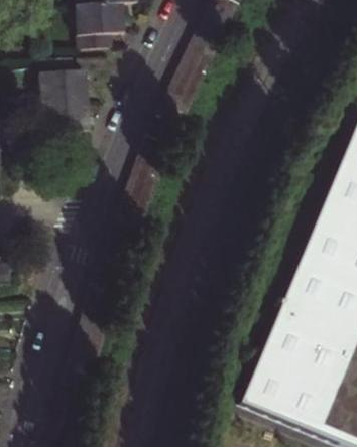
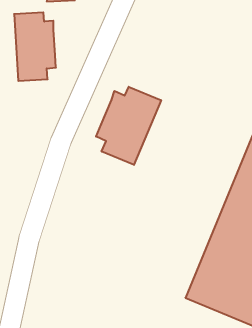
building: none -> [96,87,161,165]

